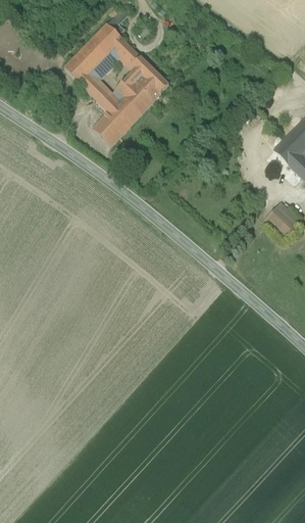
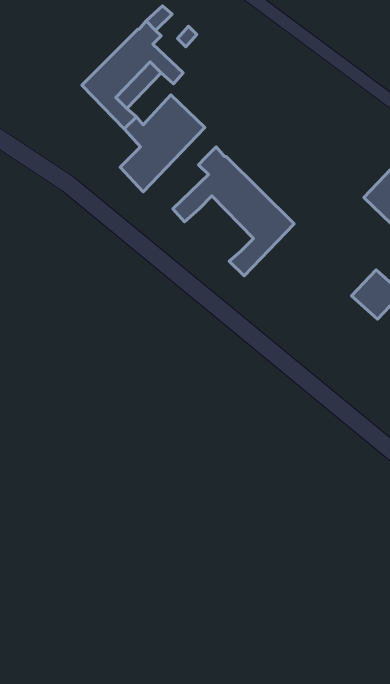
building: [131,56,168,97] -> none
building: none -> [173,147,294,276]

